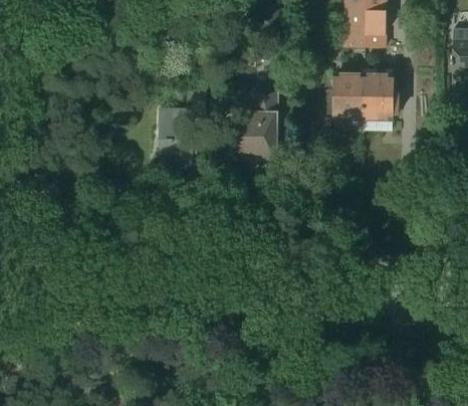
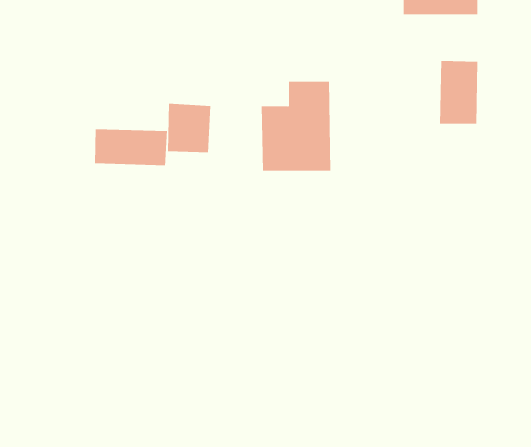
building: [334,74,368,124] -> none
building: none -> [95,128,168,166]

